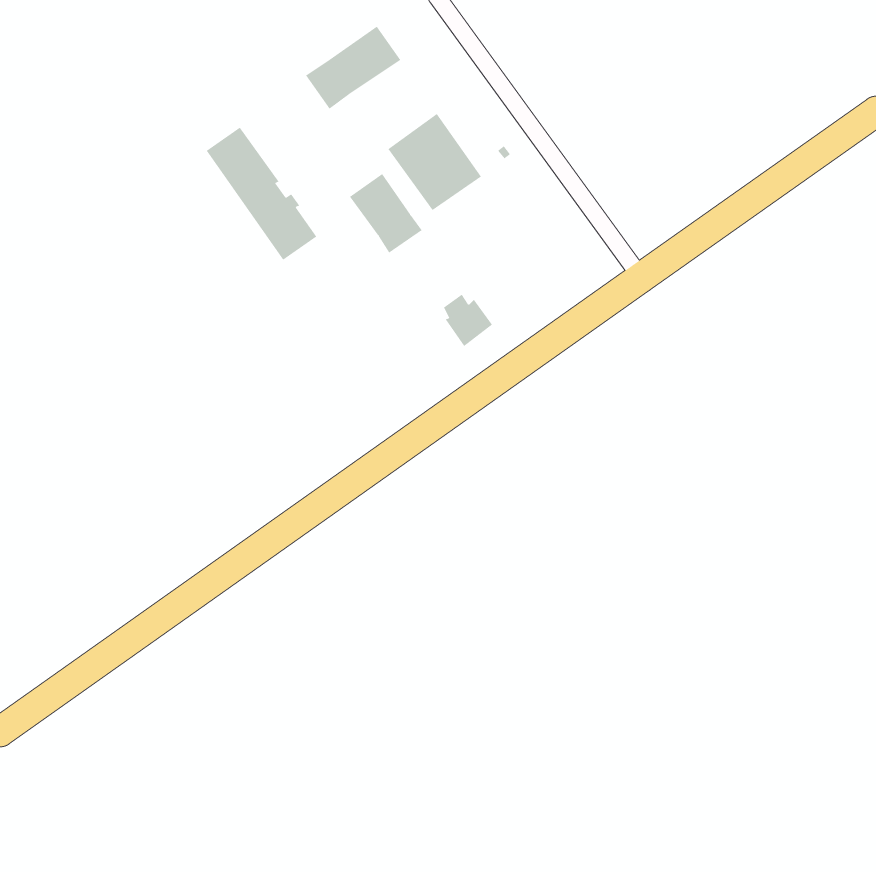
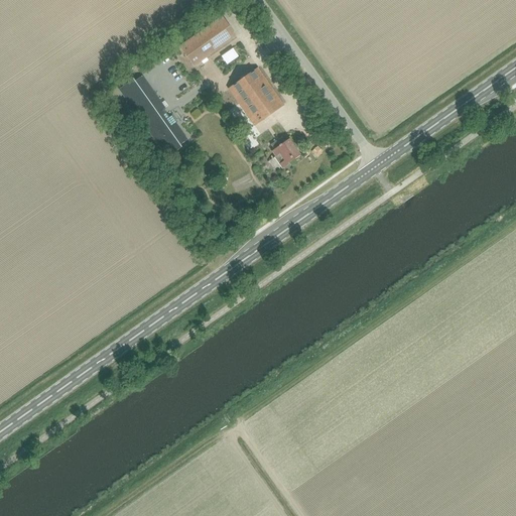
building: [349,173,422,253] -> none
building: [443,294,493,347] -> [270,135,299,166]

